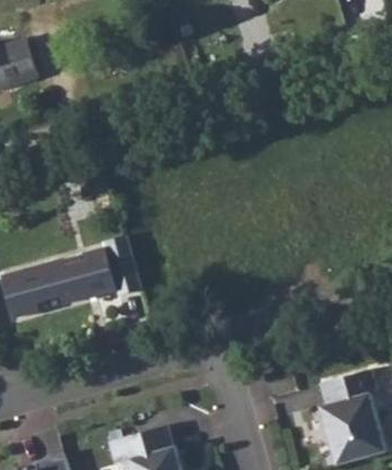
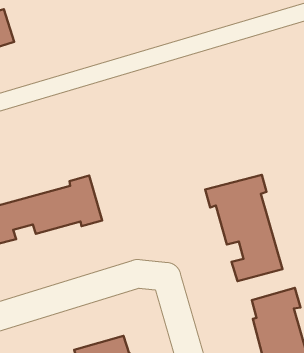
building: none -> [205,175,283,281]

